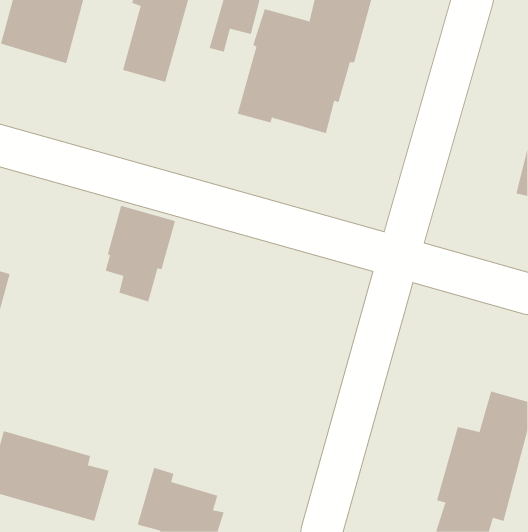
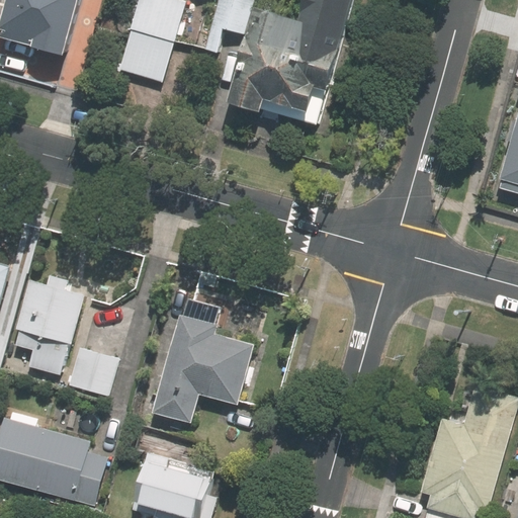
building: [105,205,176,302] -> [15,280,84,374]
building: none -> [154,297,252,422]
building: none -> [69,345,117,394]

